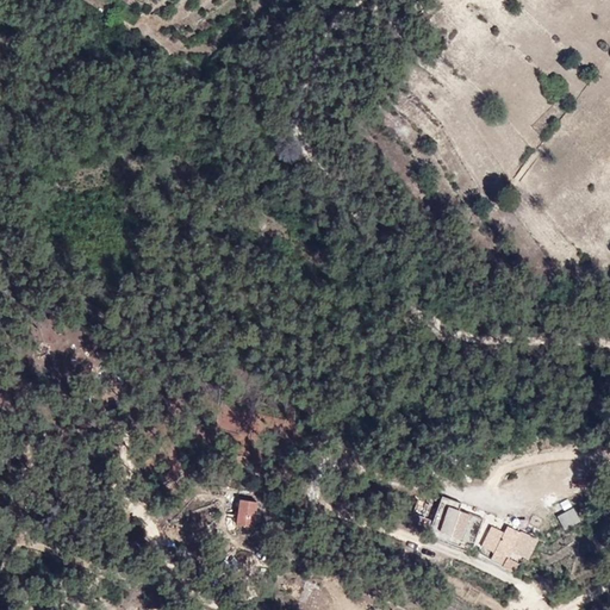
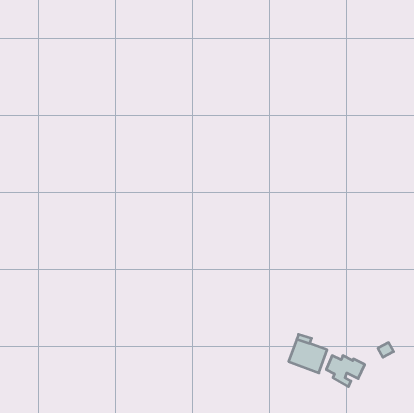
building: [237,497,260,524] -> none

